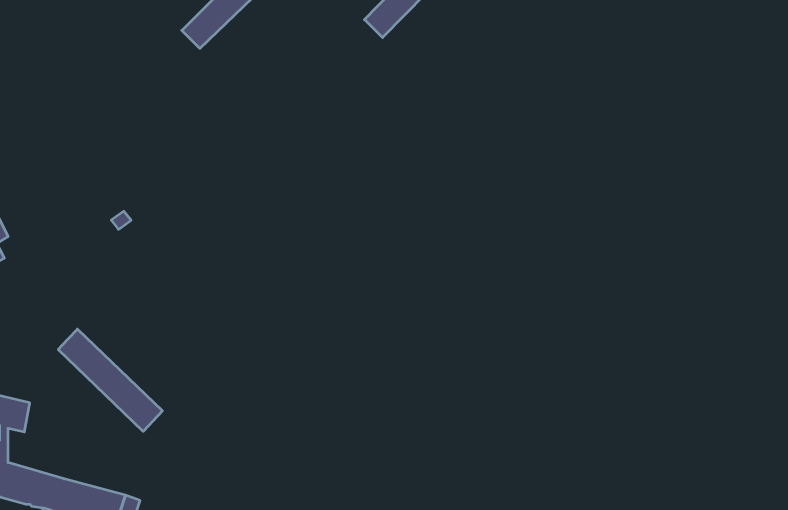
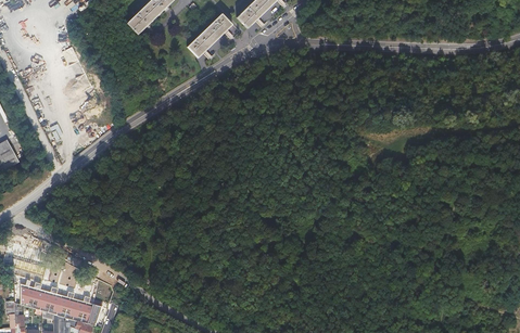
building: none -> [188,14,232,57]
building: [58,329,162,431] -> none

